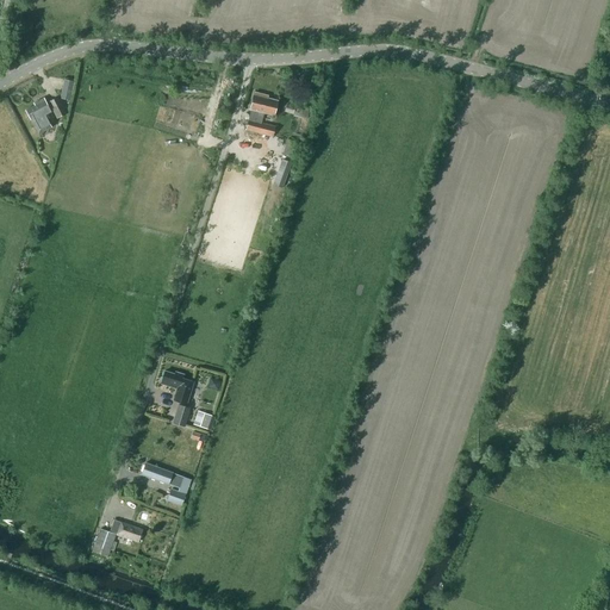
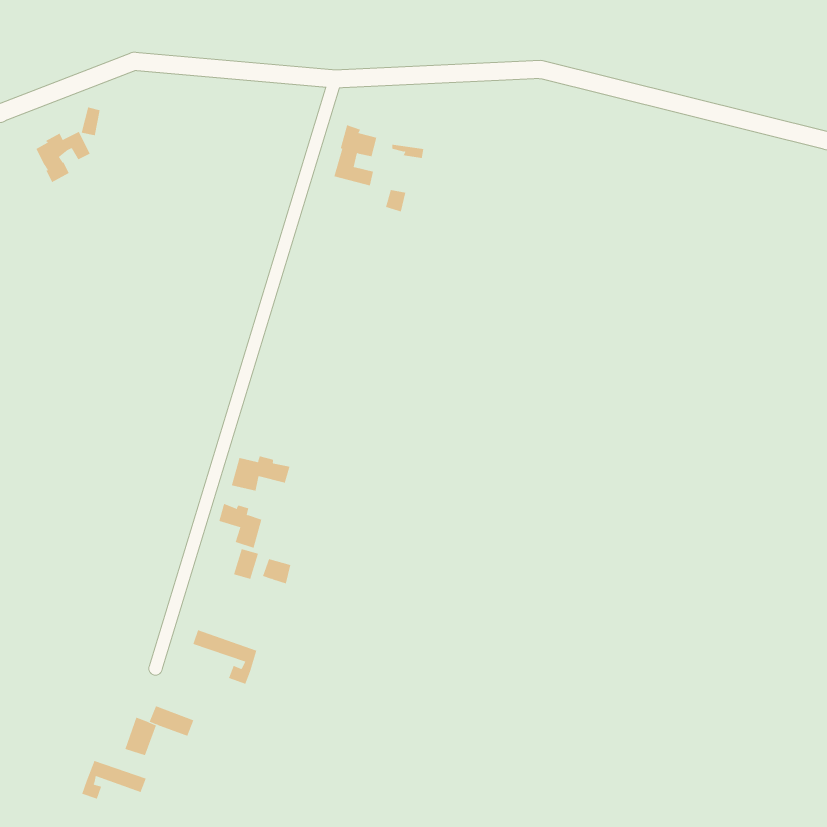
building: none -> [231,455,290,492]
building: none -> [82,760,146,800]

